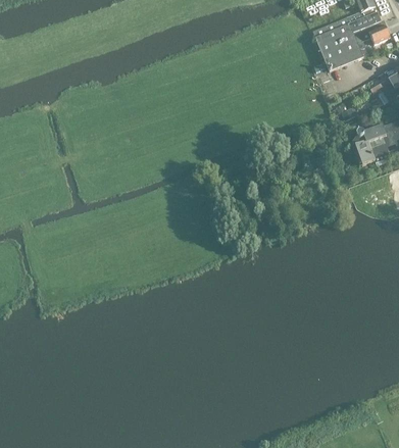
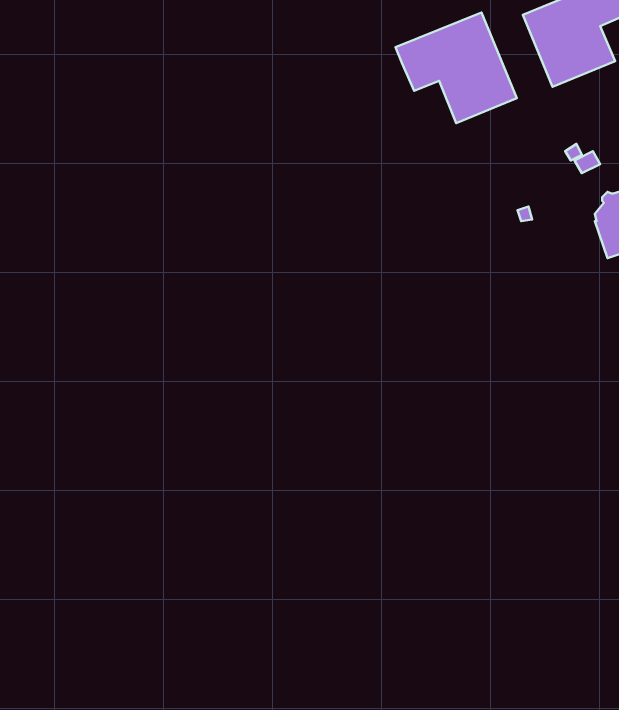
building: none -> [396,12,517,123]

